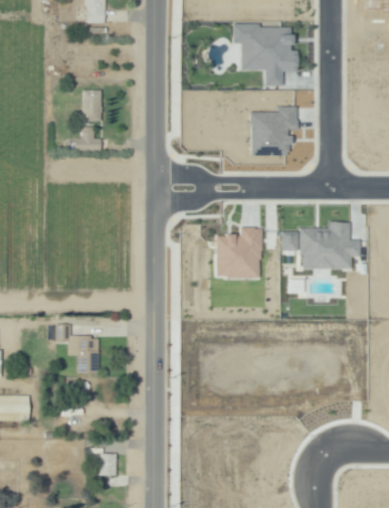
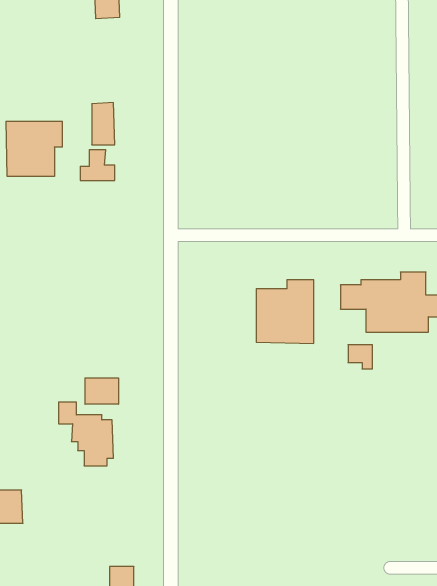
building: [232,23,298,86] -> none
building: none -> [6,121,62,176]
building: [249,106,297,155] -> none
building: none -> [85,378,118,404]

